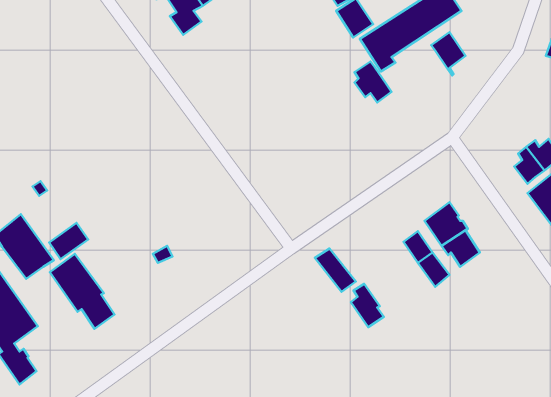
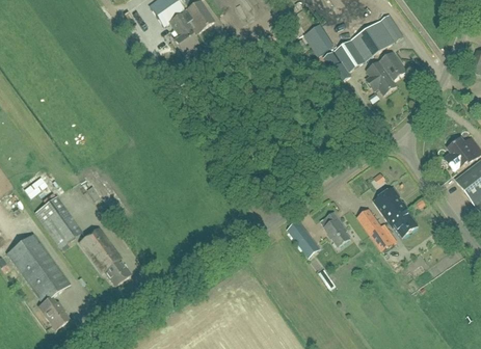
building: [355,61,392,102] -> [367,61,396,93]
building: [49,223,88,259] -> none
building: [351,284,384,327] -> [324,211,350,245]

